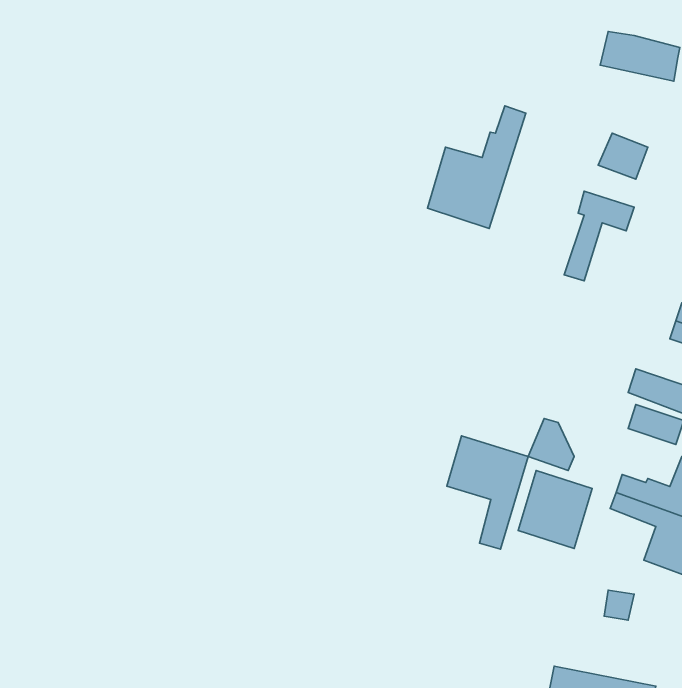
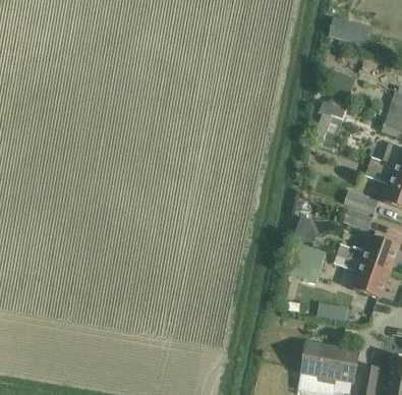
building: [427,106,526,229] -> none
building: [447,436,528,549] -> none

